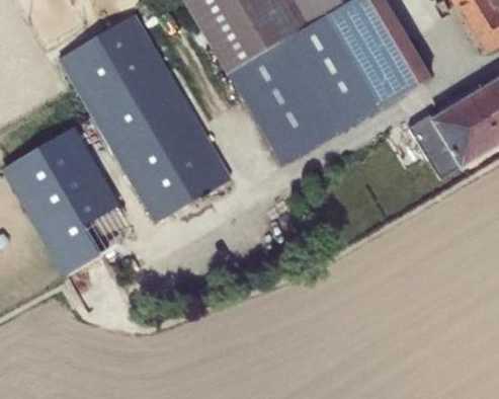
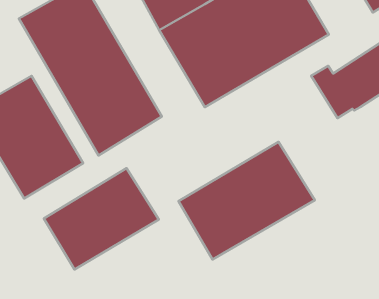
building: none -> [178,142,315,260]
building: none -> [44,168,159,270]

